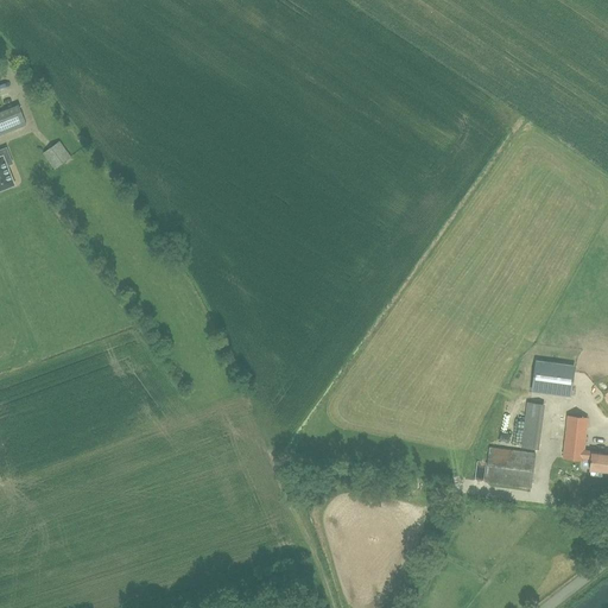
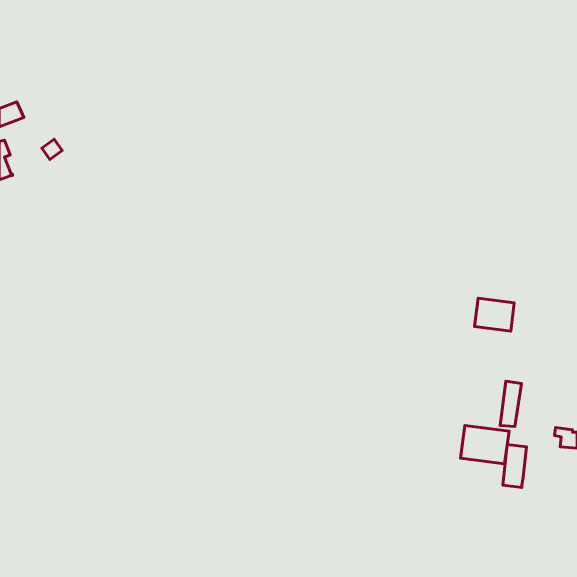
building: [531,361,572,395] -> [475,298,514,331]
building: [562,414,587,460] -> [503,445,526,487]

